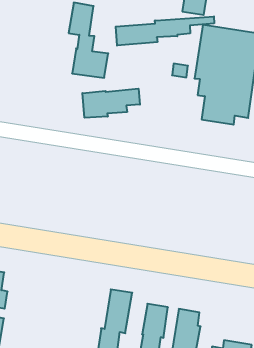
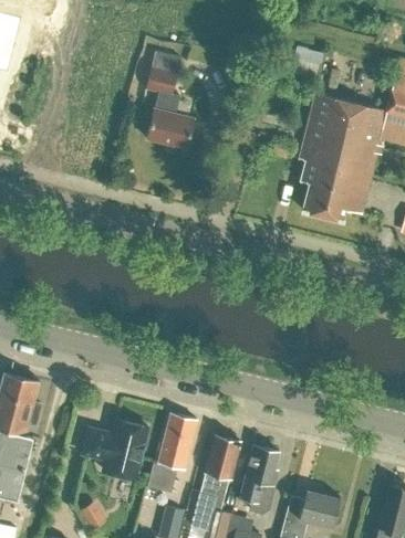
building: [116,16,214,46] -> none
building: [82,89,140,118] -> none
building: none -> [82,420,148,479]

